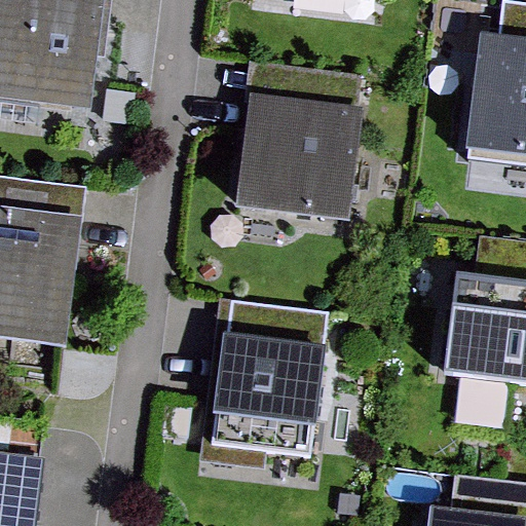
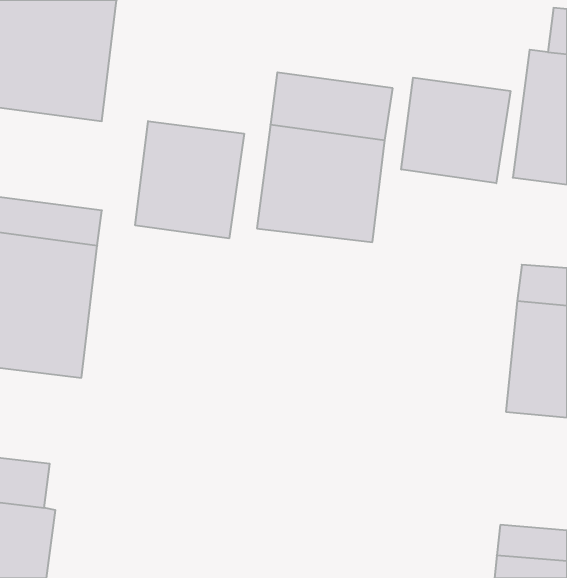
building: none -> [401,78,510,183]
building: none -> [135,121,244,238]
building: [201,304,326,461] -> none

